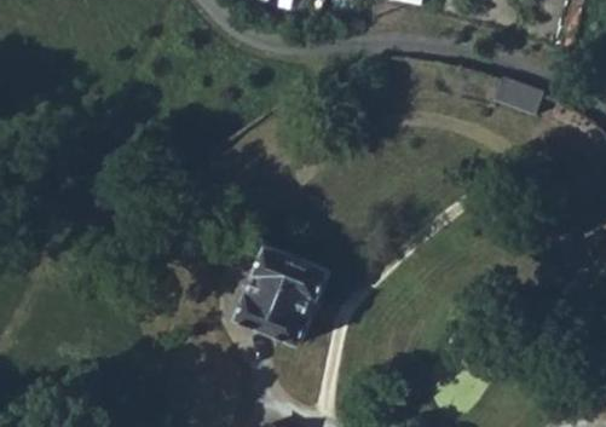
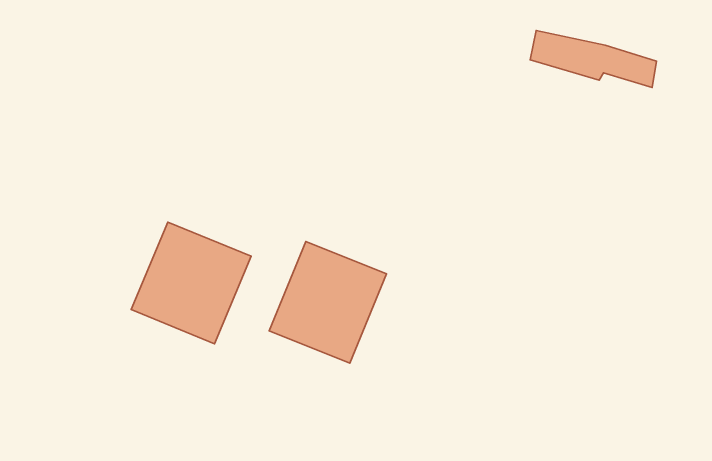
building: none -> [131,222,251,344]

